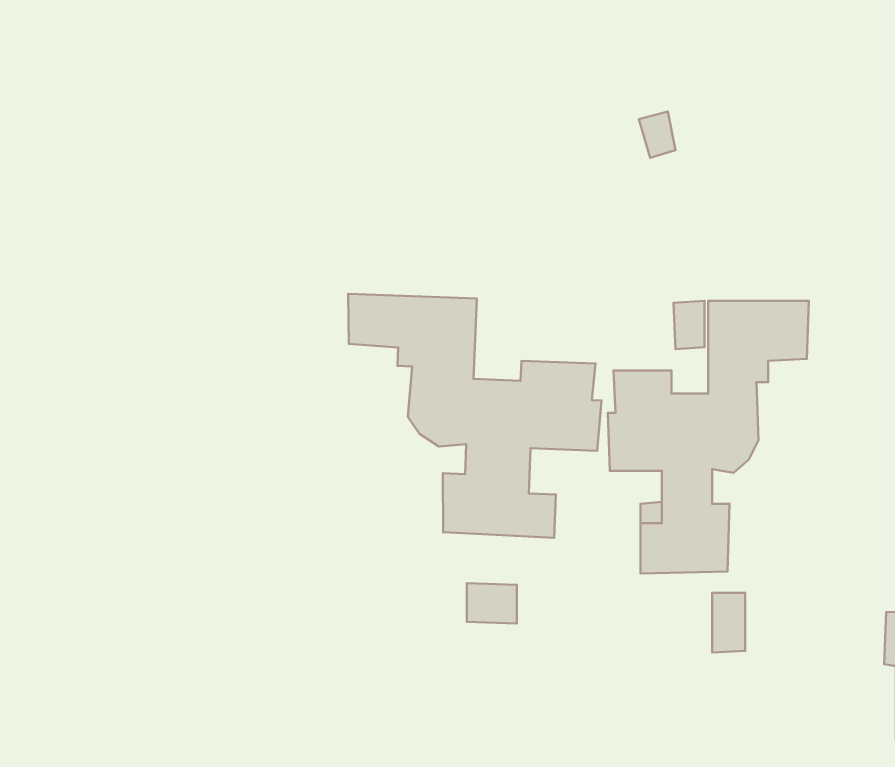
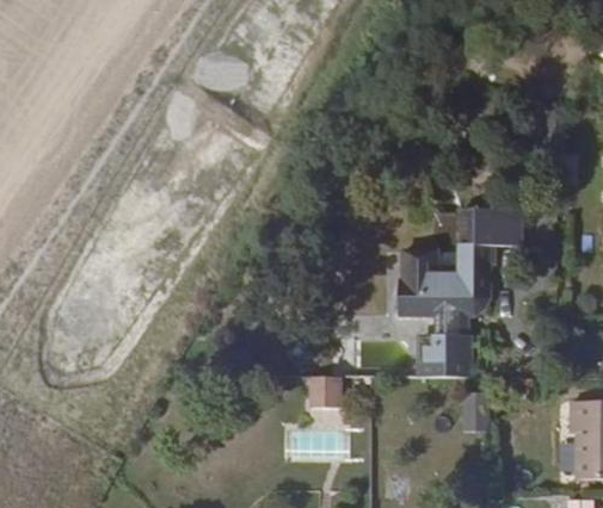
building: [348,294,602,538] -> none

